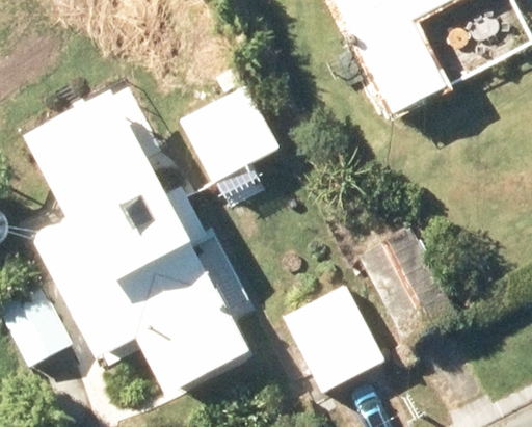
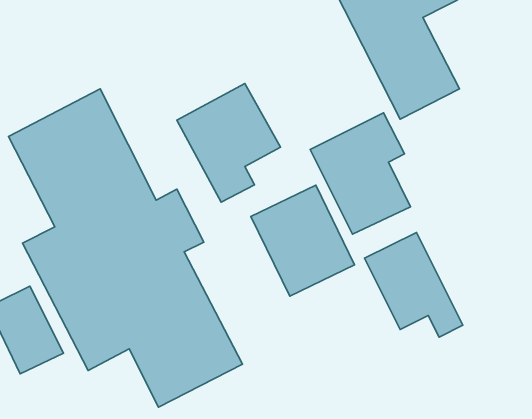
building: none -> [310,113,410,234]
building: [286,284,385,391] -> [251,185,355,296]

